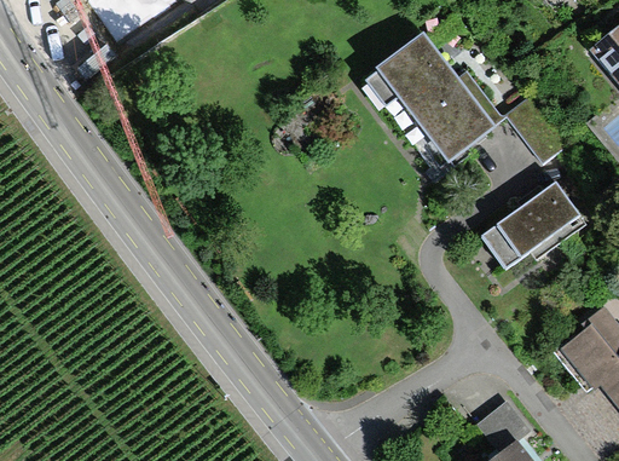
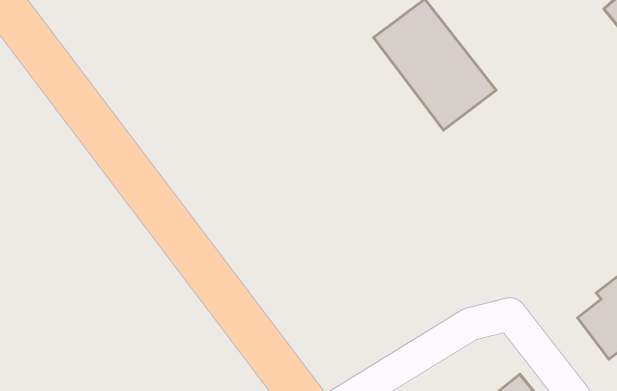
building: [484,180,580,269] -> none

